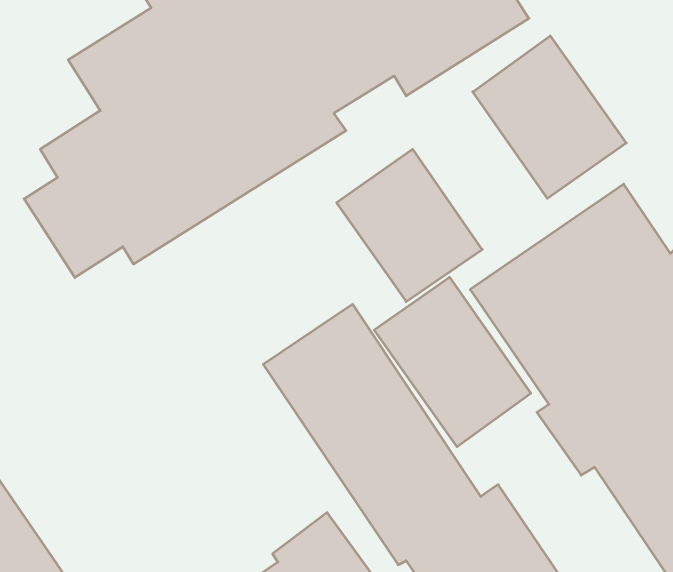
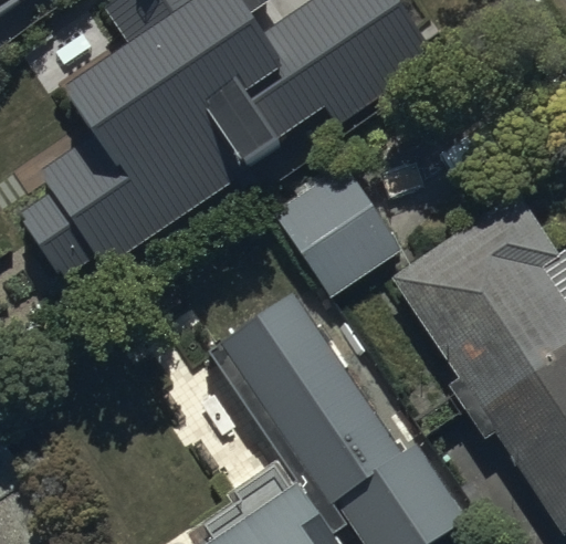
building: [473,36,626,198] -> none
building: [374,277,531,447] -> none

